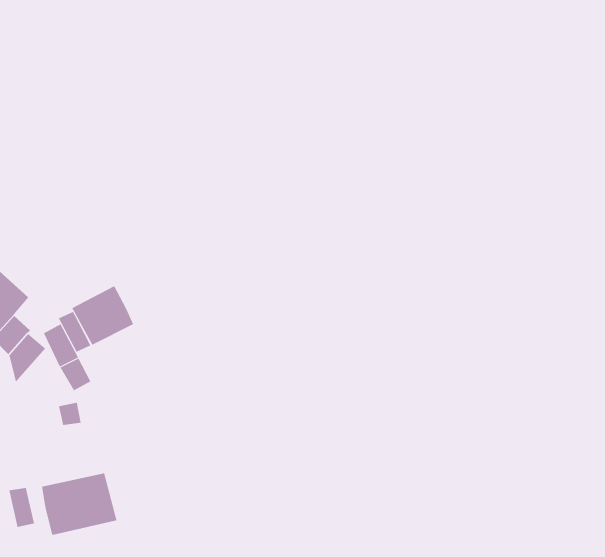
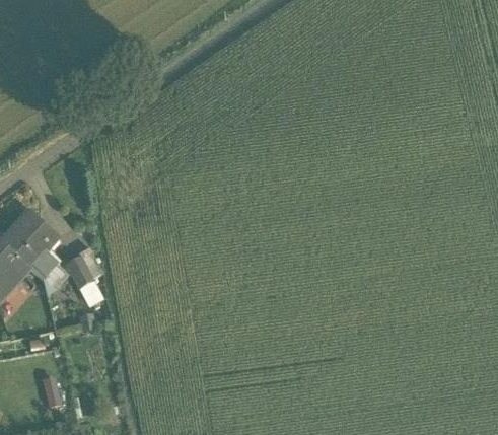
building: [72,286,134,345] -> none
building: [42,473,117,535] -> none

